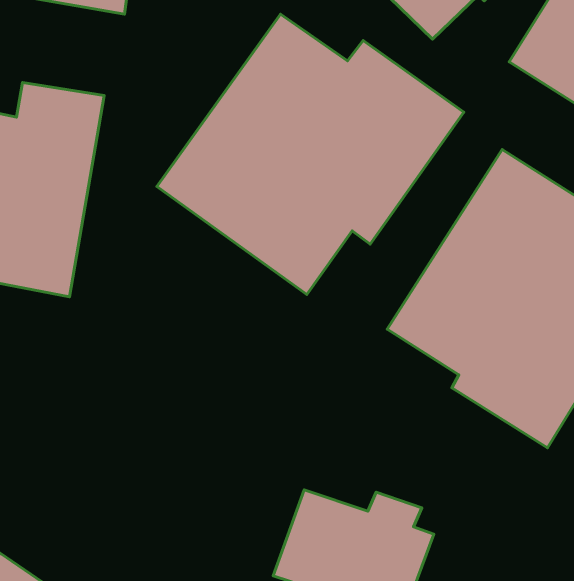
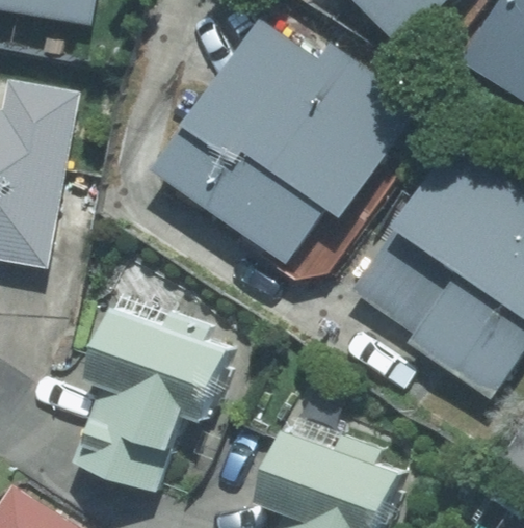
building: none -> [69,308,224,493]

